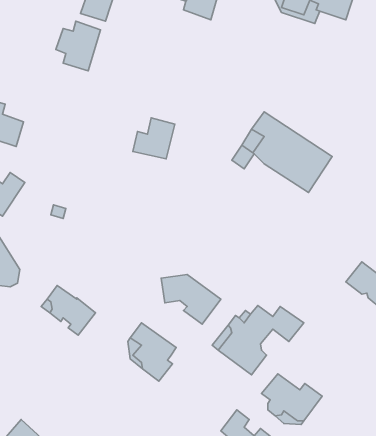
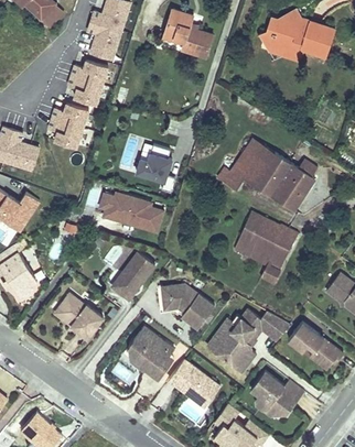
building: none -> [49,101,88,145]
building: none -> [98,188,164,231]
building: none -> [237,216,294,270]
building: none -> [114,251,154,298]
building: none -> [288,321,343,369]
building: none -> [169,359,220,401]

